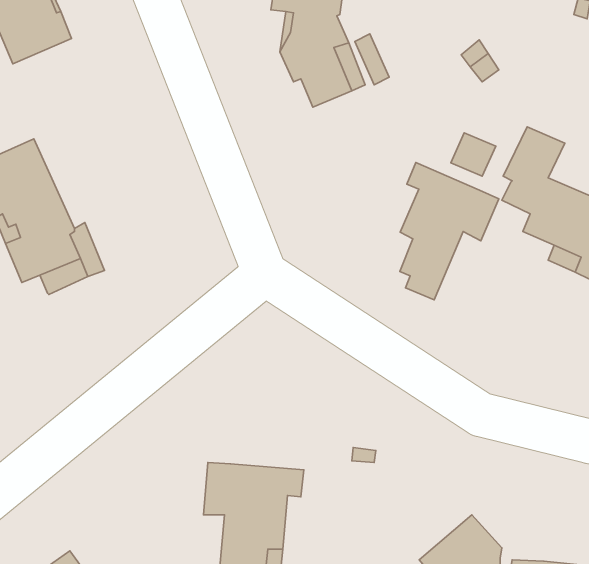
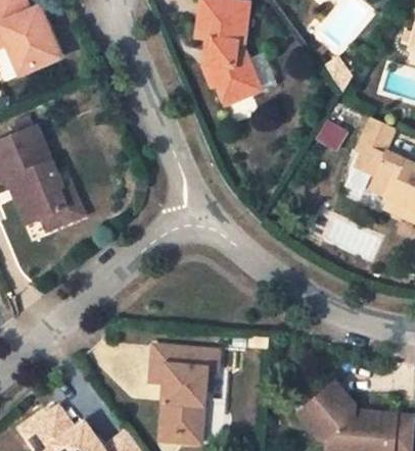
building: [400,162,499,300] -> none

